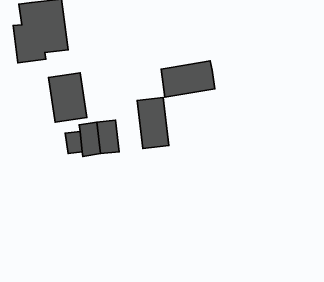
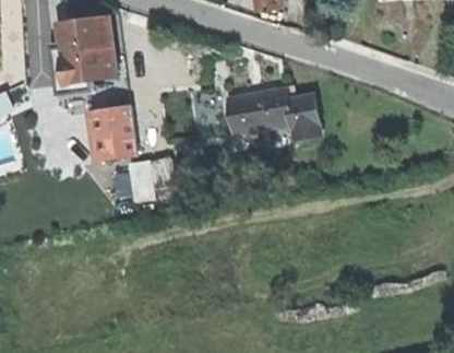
building: none -> [285,96,320,141]
building: [137,97,169,149] -> none

